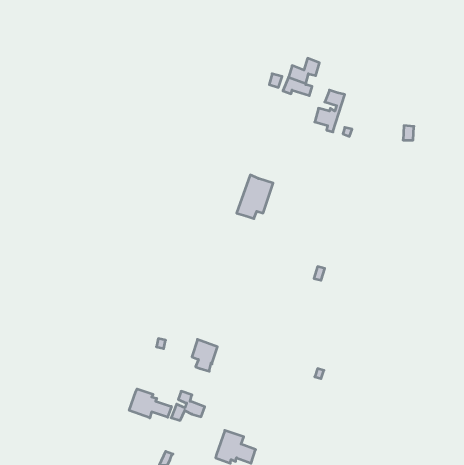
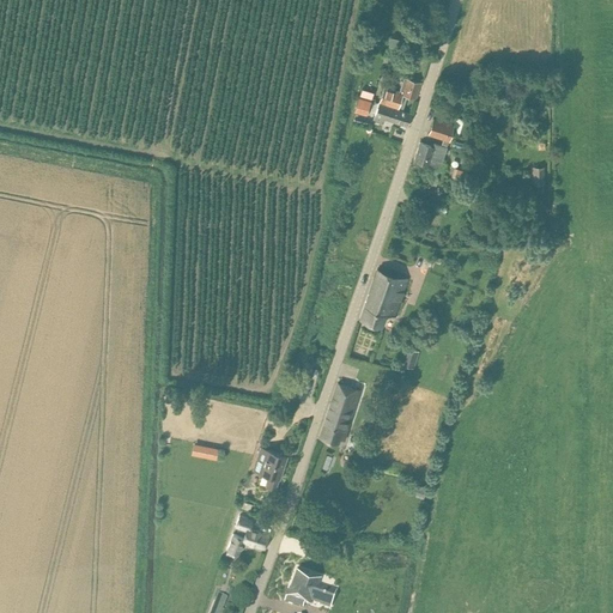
building: [237,175,273,219] -> [360,268,408,326]
building: none -> [320,383,362,444]
building: [129,389,171,418] -> none

